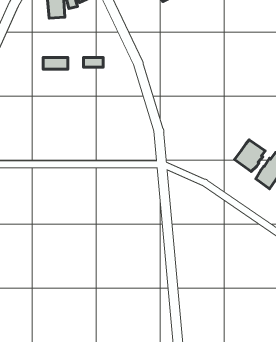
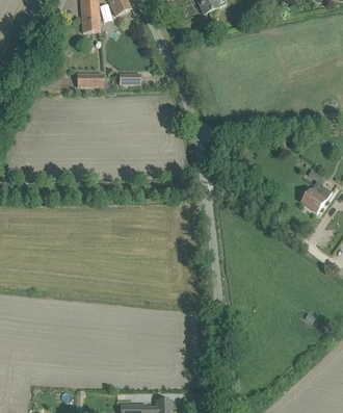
building: [234,140,265,172] -> none

